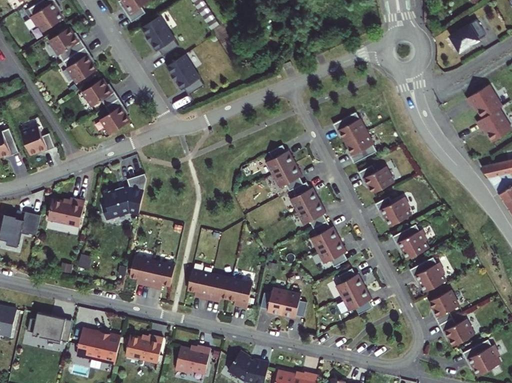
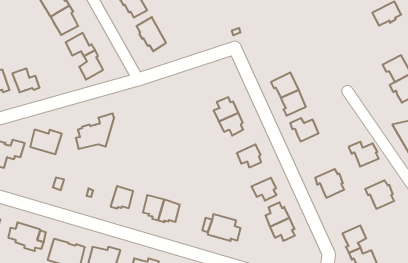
building: [289,182,318,212] -> none
building: [374,196,411,226] -> [349,142,379,167]
building: [310,221,339,251] -> none
building: [129,256,154,285] -> none
building: [409,257,445,292] -> [365,180,394,209]
building: [227,278,252,307] -> none

